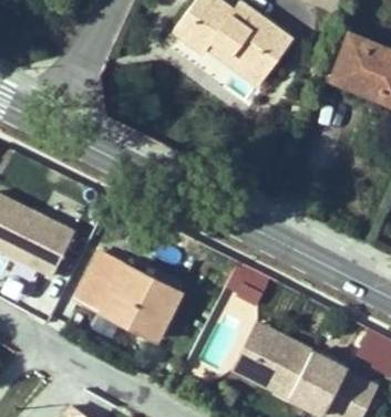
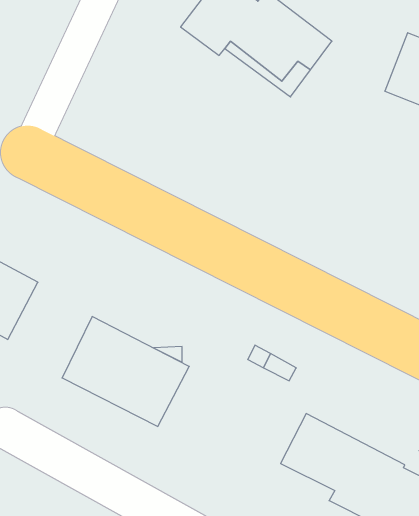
building: [234,324,292,397] -> none

